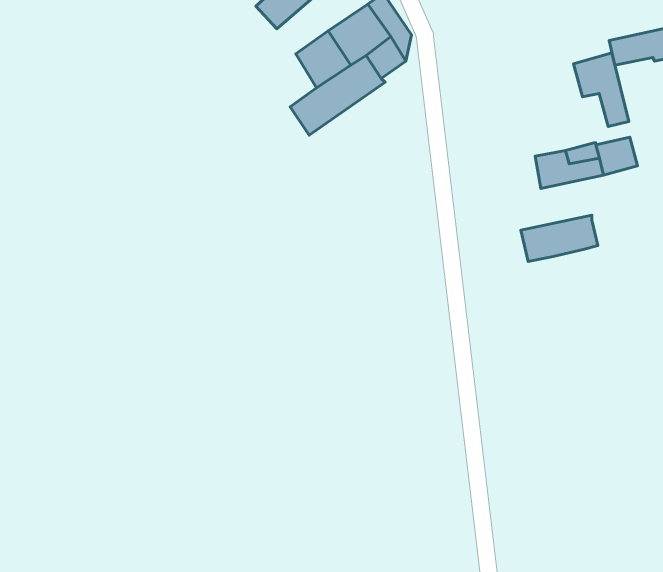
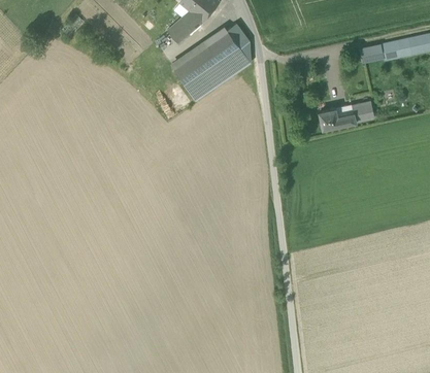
building: [573,53,629,127] -> none
building: none -> [172,56,200,84]
building: [521,215,598,262] -> none

